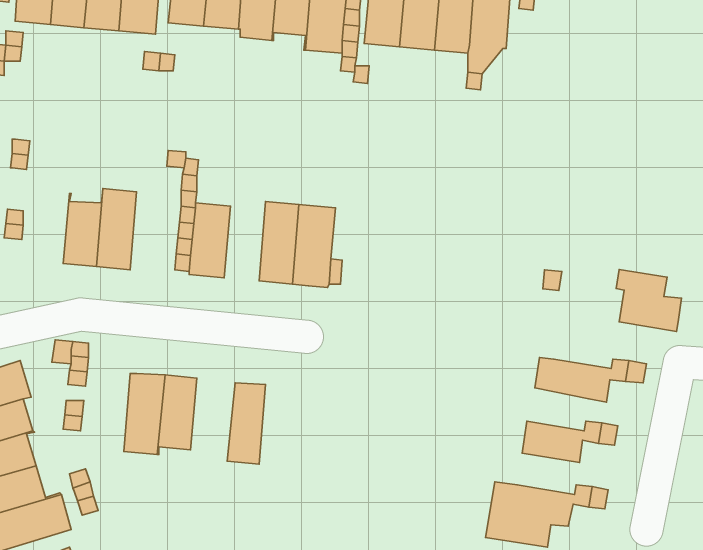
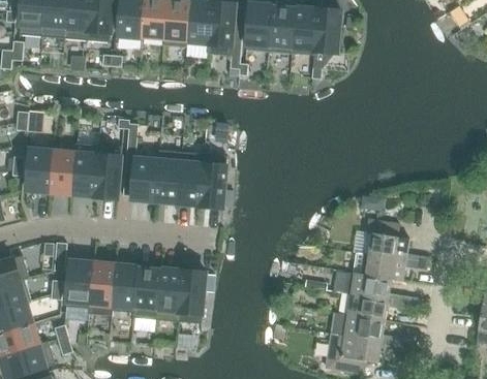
building: none -> [26,144,54,191]
building: none -> [93,145,121,197]
building: none -> [154,149,181,202]
building: [616,269,681,331] -> [366,219,408,259]
building: none -> [66,259,93,313]
building: none -> [132,265,161,319]
building: none -> [177,270,206,323]
building: none -> [351,272,391,299]
building: none -> [344,314,385,341]

